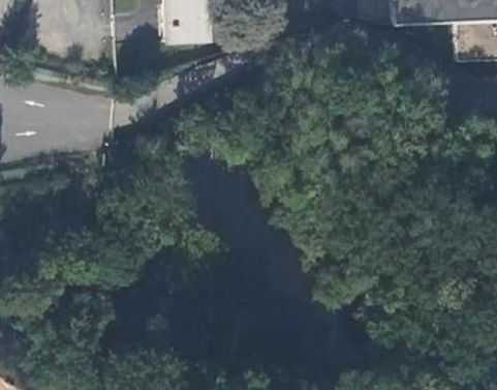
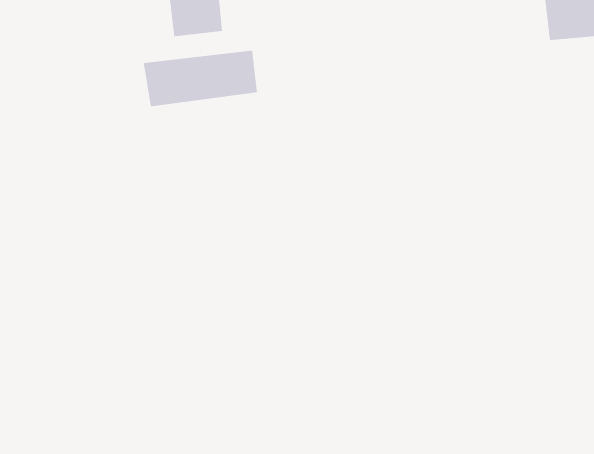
building: none -> [143,50,257,107]

